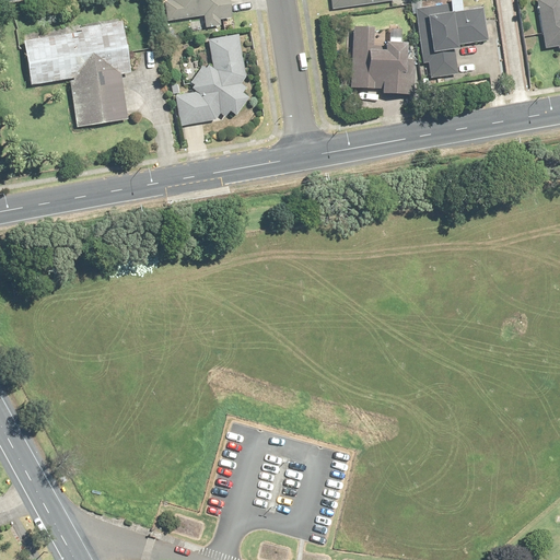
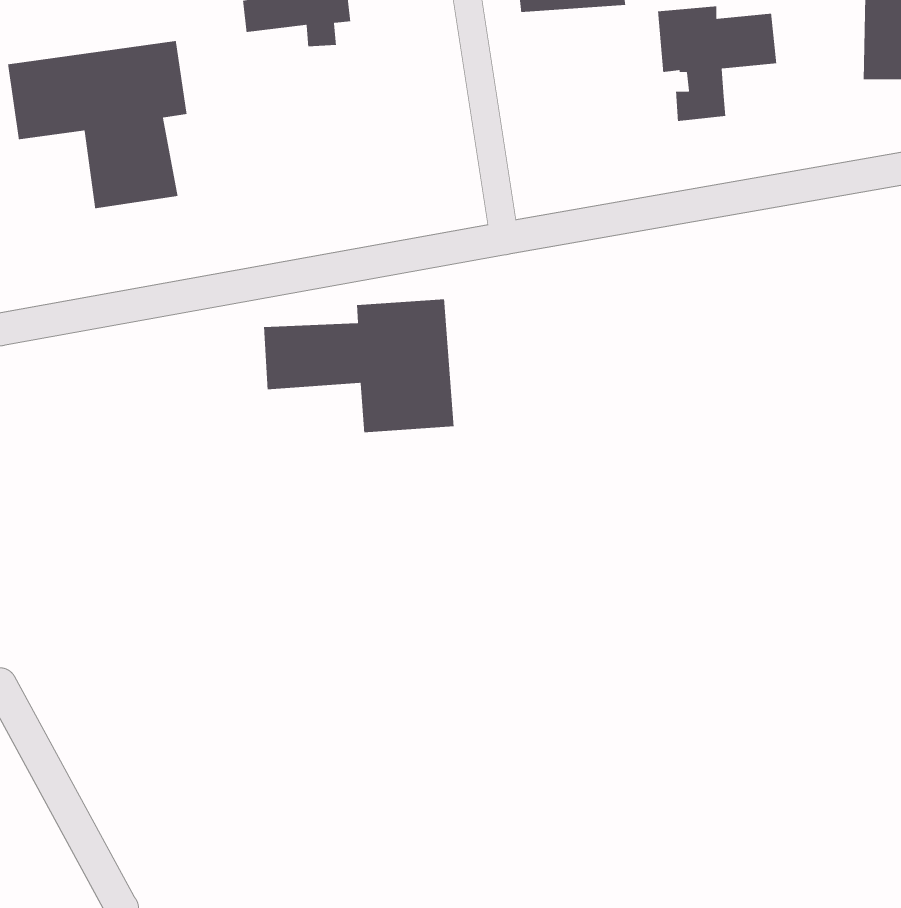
building: [346,24,409,94] -> none
building: [173,33,245,124] -> none
building: none -> [263,299,455,433]

